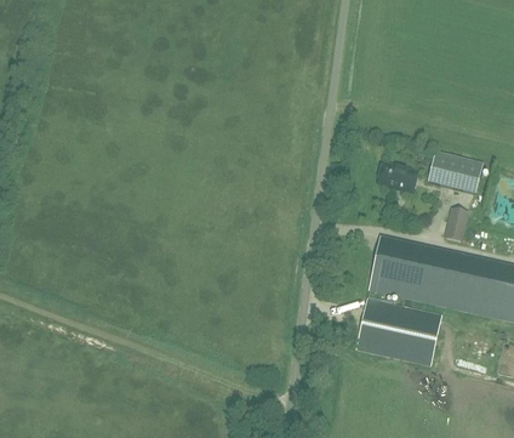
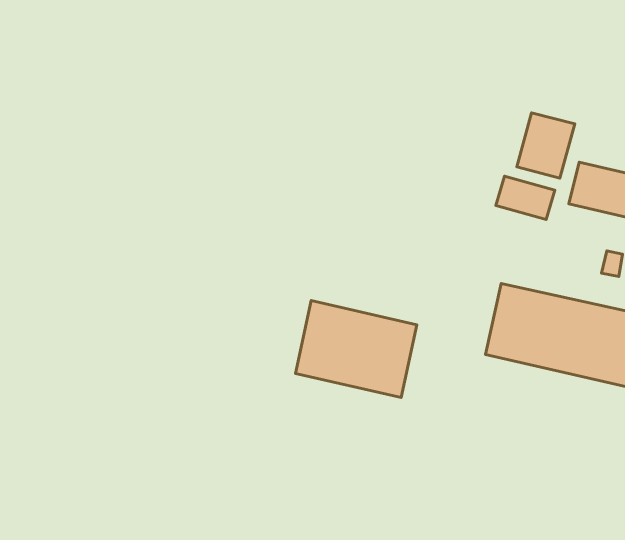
building: none -> [517,113,575,178]
building: [355,300,440,368] -> [295,301,417,398]

